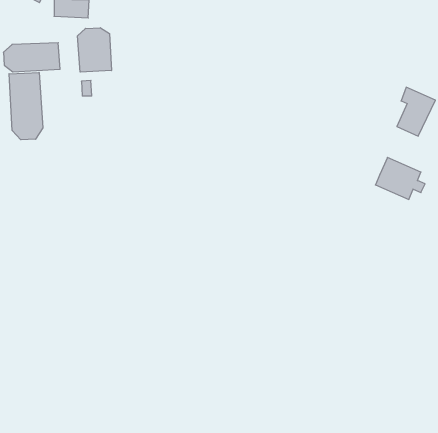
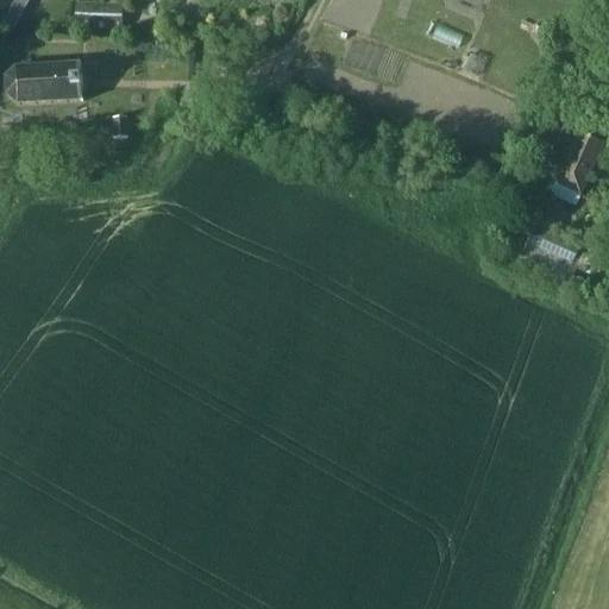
building: [77,28,111,72] -> none
building: [9,72,43,140] -> none

